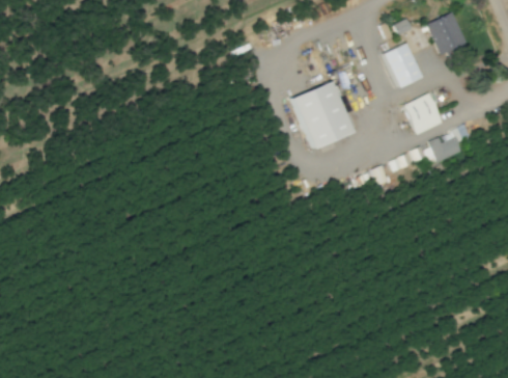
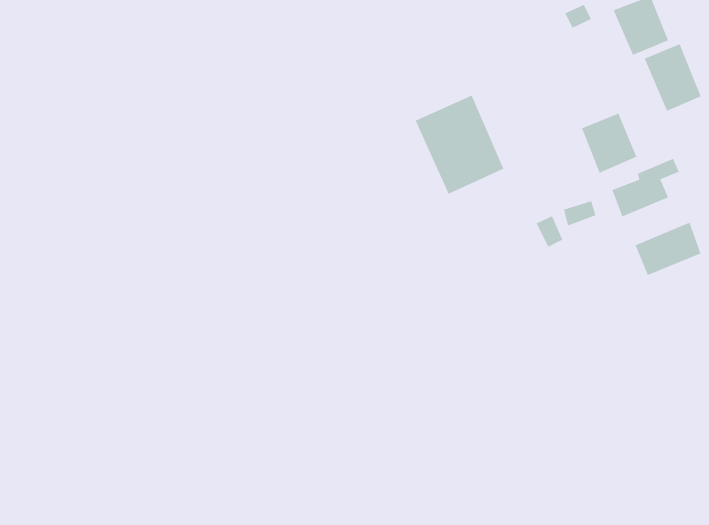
building: [383,42,422,88] -> [644,44,701,112]
building: none -> [635,222,701,276]

